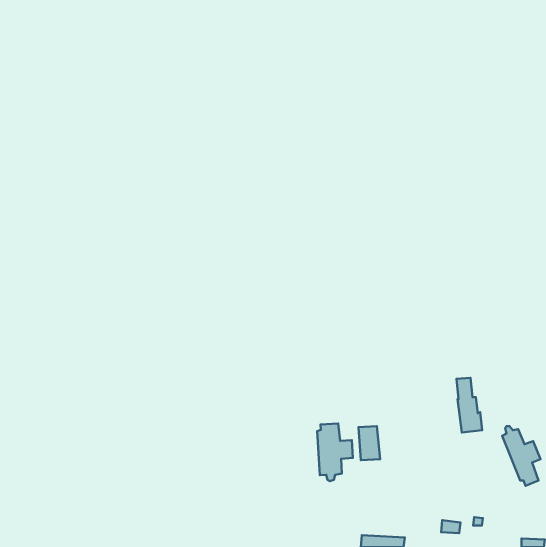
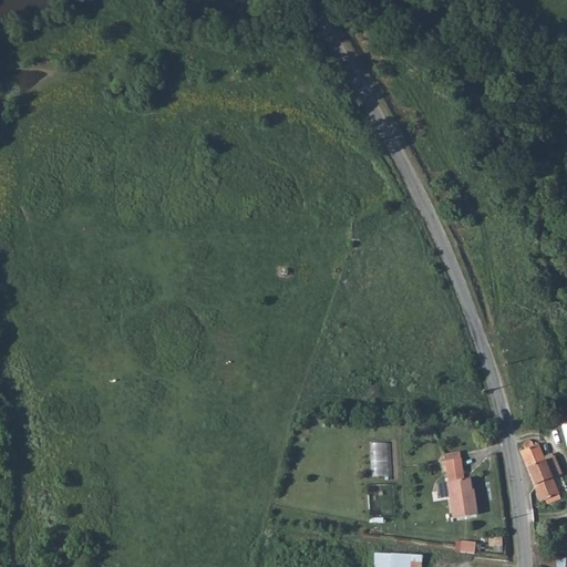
building: [456,378,482,432] -> [449,458,475,515]
building: [317,424,353,481] -> none

